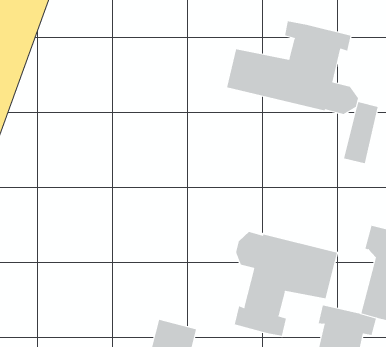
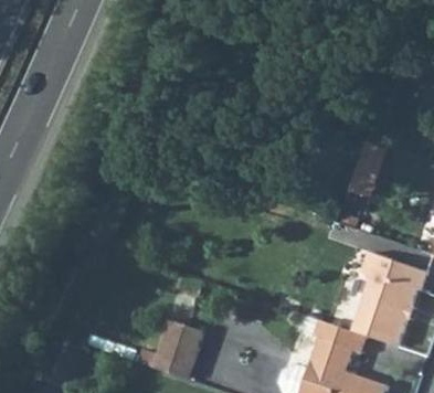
building: [226,20,358,115] -> none
building: [234,231,338,337] -> none

